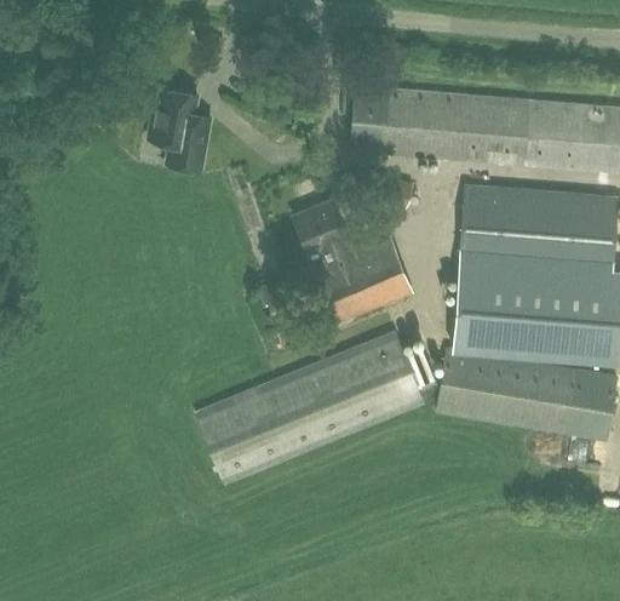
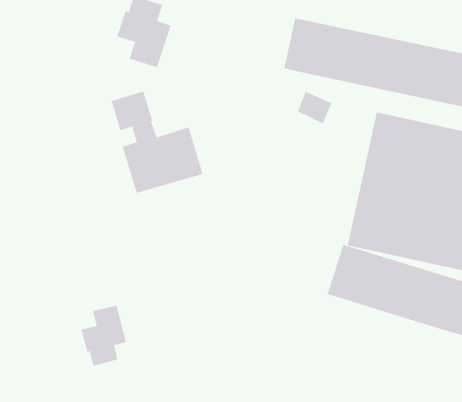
building: [293,199,414,321] -> [111,91,203,194]
building: [196,330,424,481] -> none
building: none -> [81,305,126,367]

